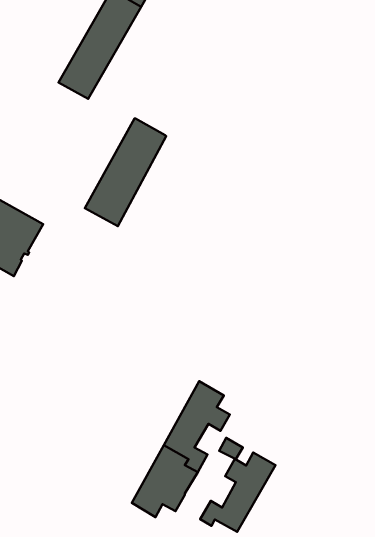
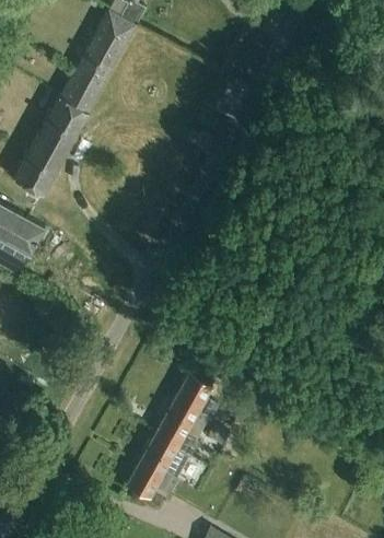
building: [85,119,166,226] -> [12,97,88,197]
building: [200,453,276,532] -> none

